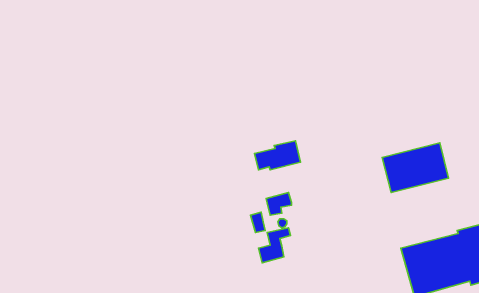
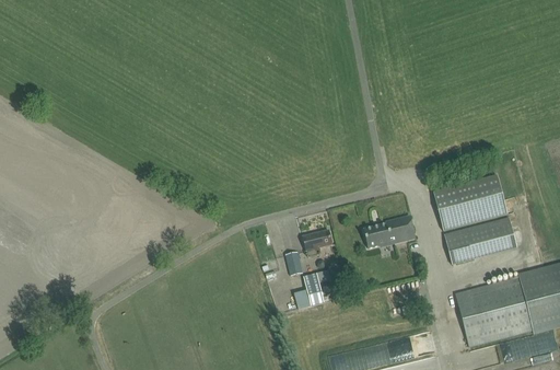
building: [255,141,300,170] -> [363,215,415,247]
building: none -> [444,217,517,265]

